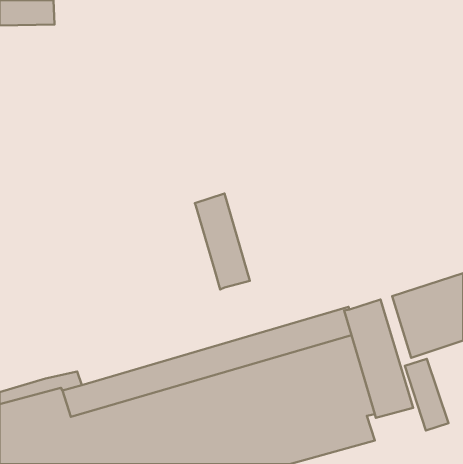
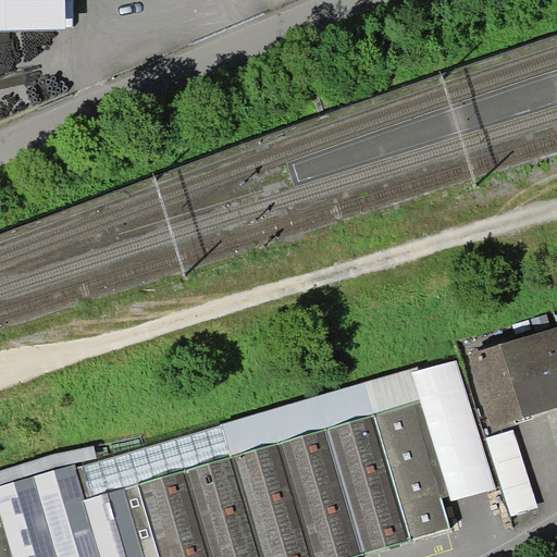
building: [195,193,250,289] -> none

